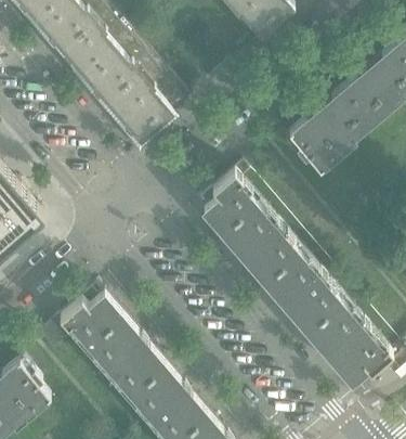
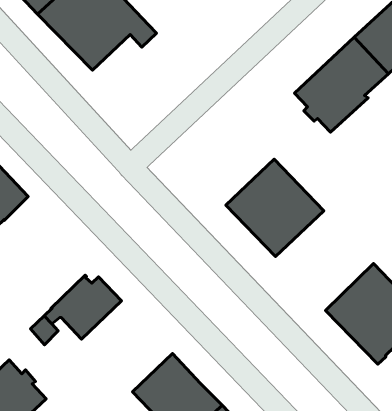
building: [108,78,191,146] -> none
building: [202,168,267,236] -> none
building: [264,246,352,336] -> none
building: [86,318,167,400] -> none

